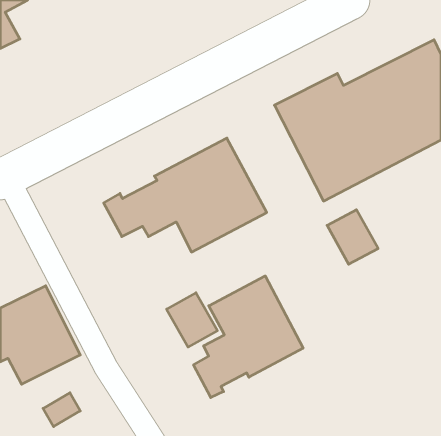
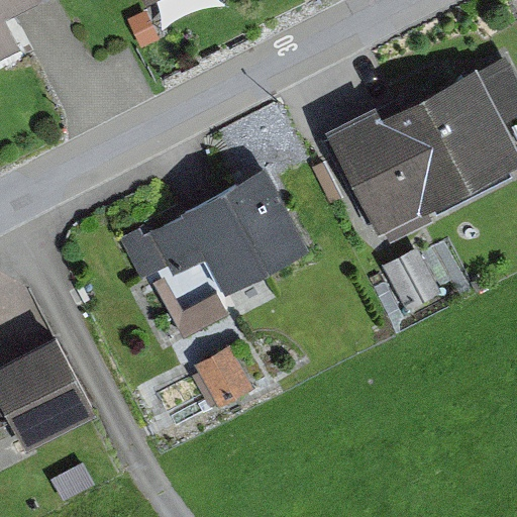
building: [194,276,303,398] -> none

